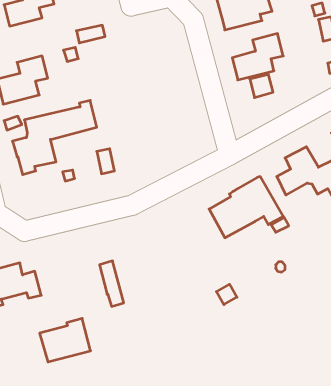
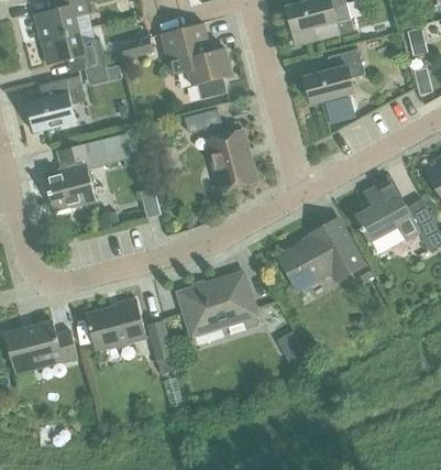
building: none -> [161,23,231,98]
building: none -> [40,30,104,73]
building: none -> [184,109,254,192]
building: none -> [177,272,257,337]
building: [40,318,91,362] -> [85,298,145,350]

